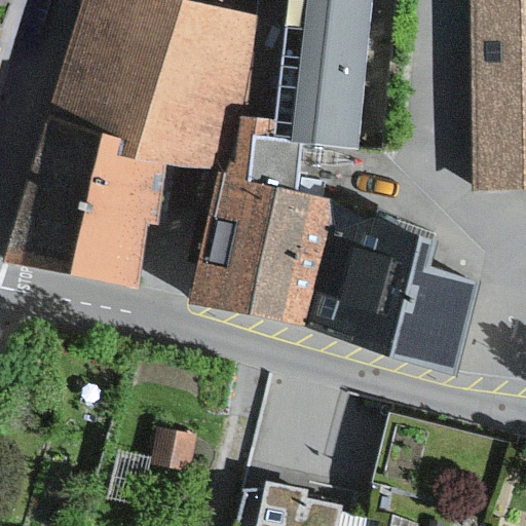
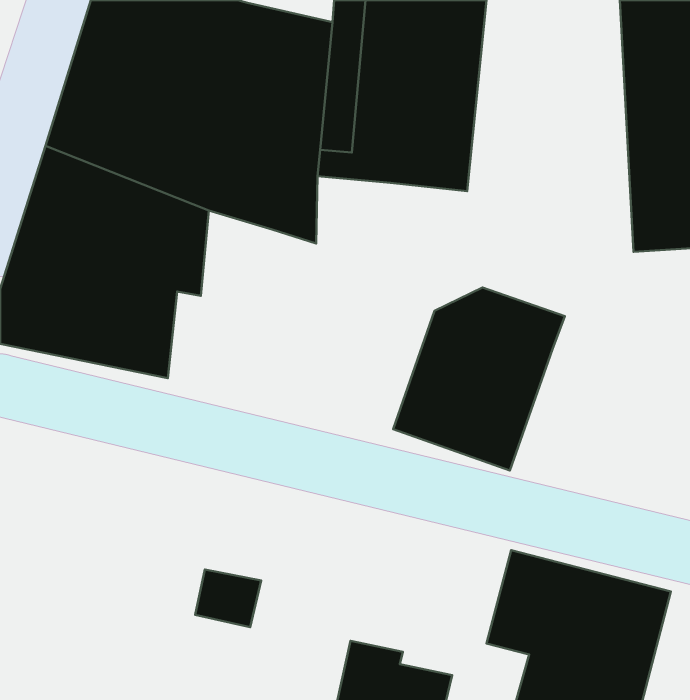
building: [186,134,334,323] -> none
building: [390,263,483,374] -> none

